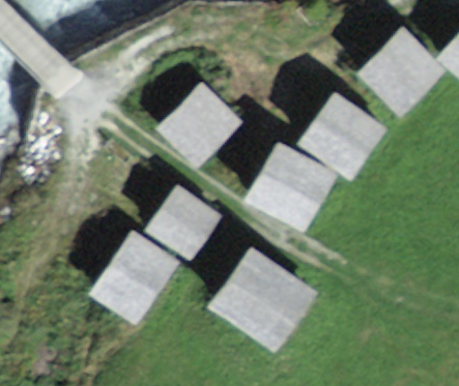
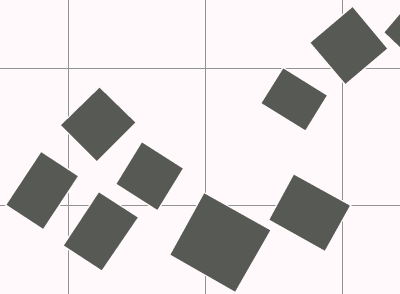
building: [162,84,243,165] -> [60,87,136,162]
building: [247,147,336,231] -> [268,174,351,252]
building: none -> [6,151,79,230]

